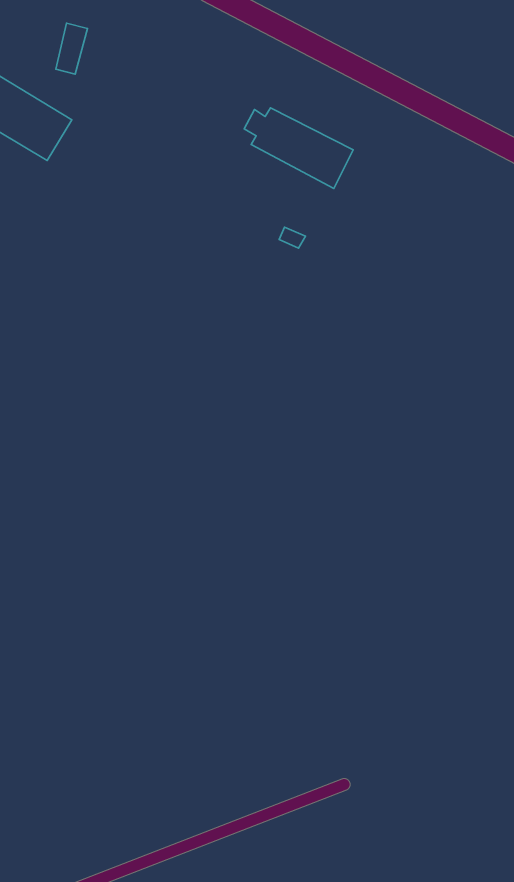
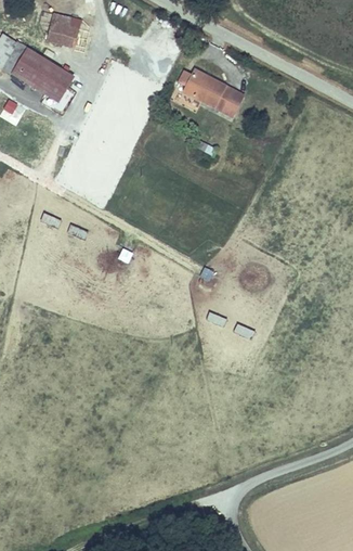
building: none -> [47,13,68,44]

